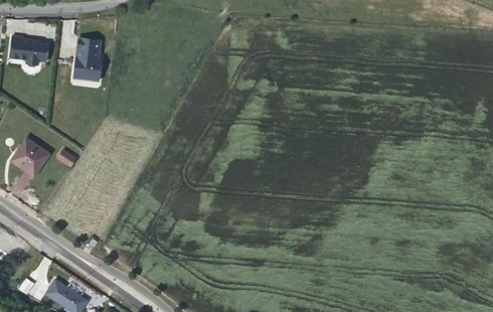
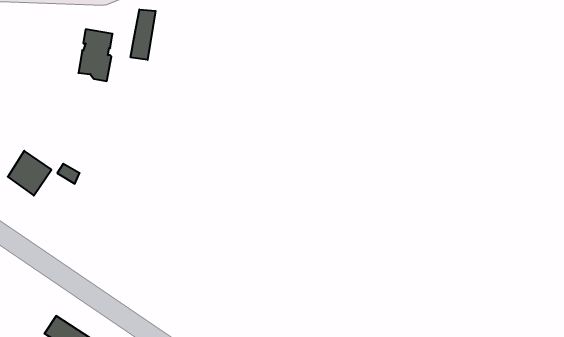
building: none -> [131,9,156,60]
building: [11,38,50,69] -> none

